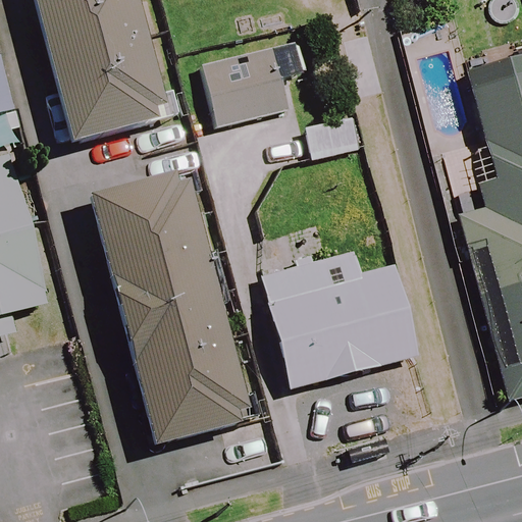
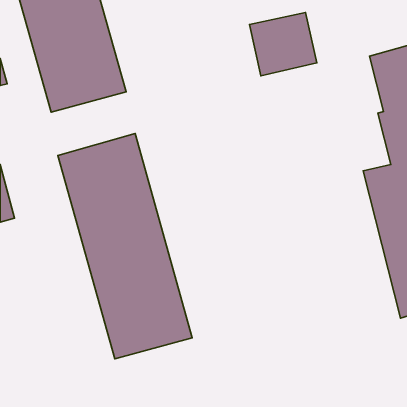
building: [207,47,292,126] -> [249,12,317,76]
building: [268,236,424,386] -> none

